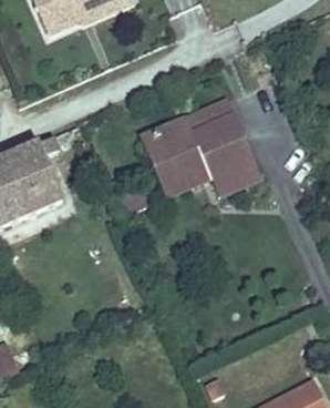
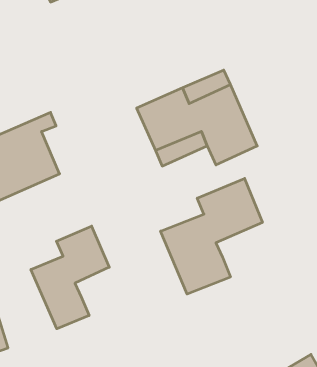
building: none -> [161,178,262,294]
building: none -> [31,226,109,329]

